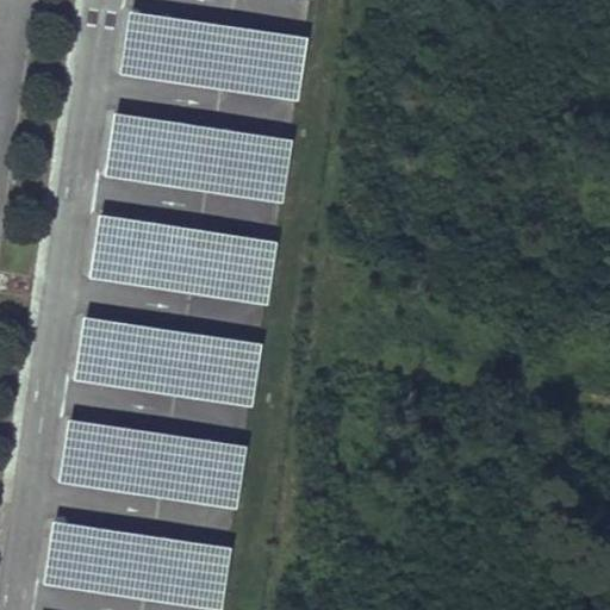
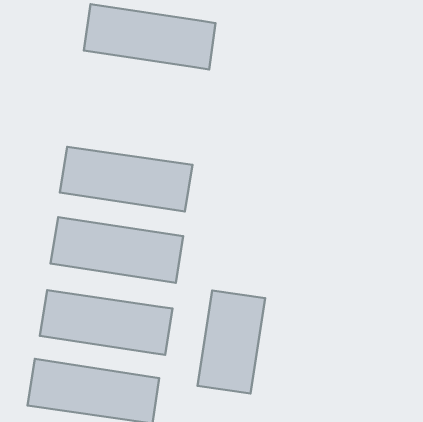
building: [105,111,294,204] -> none
building: none -> [197,290,265,394]

